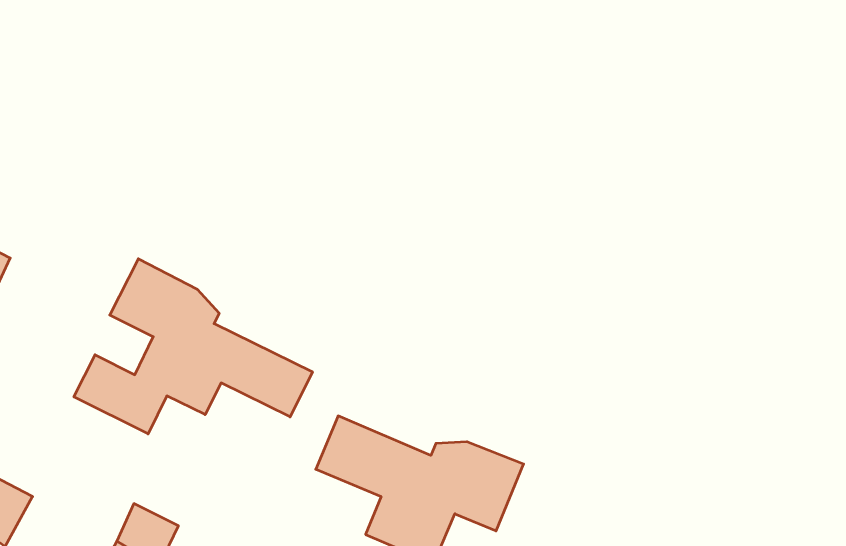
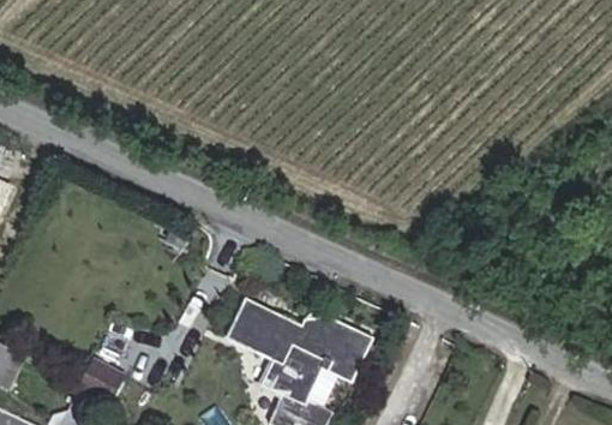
building: [74,259,312,434] -> none

